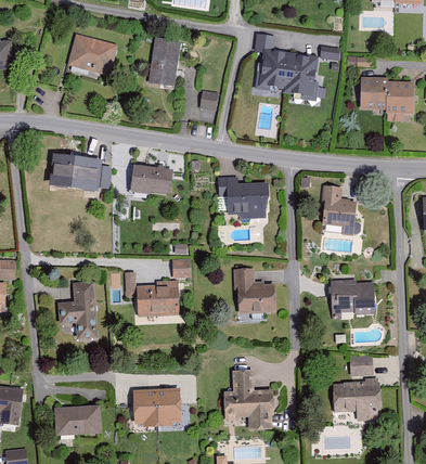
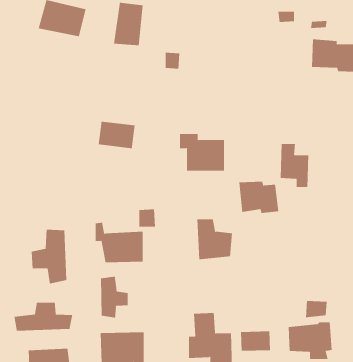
building: [261,53,317,98] -> none
building: [48,155,114,190] -> none
building: [331,280,374,314] -> [238,181,279,214]
building: none -> [100,276,128,318]
building: none -> [14,302,73,332]
building: none -> [240,331,271,352]

